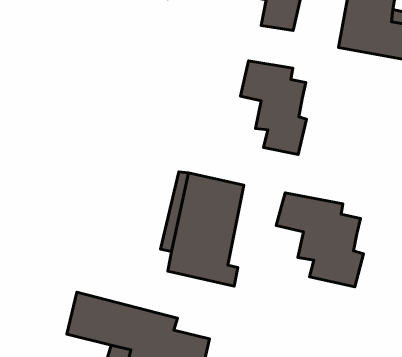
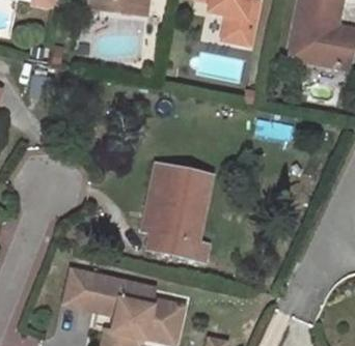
building: [240,61,307,155] -> none
building: [276,193,364,287] -> none

